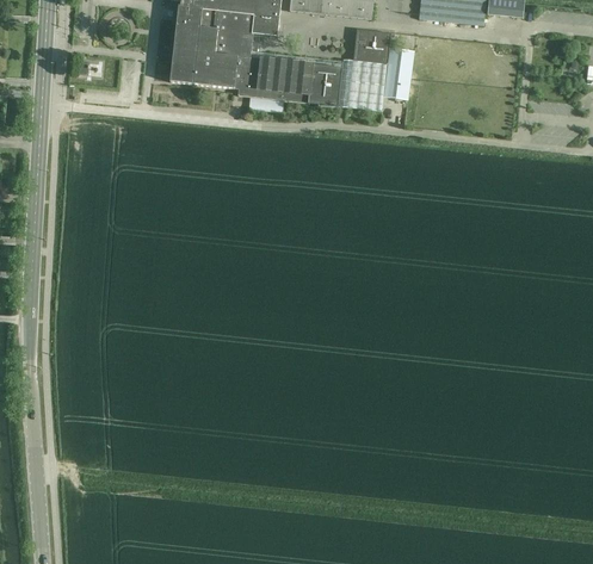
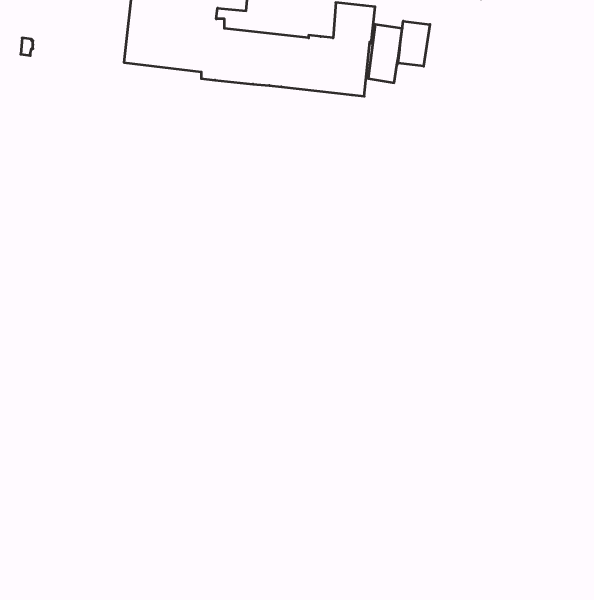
building: none -> [398,21,430,66]

